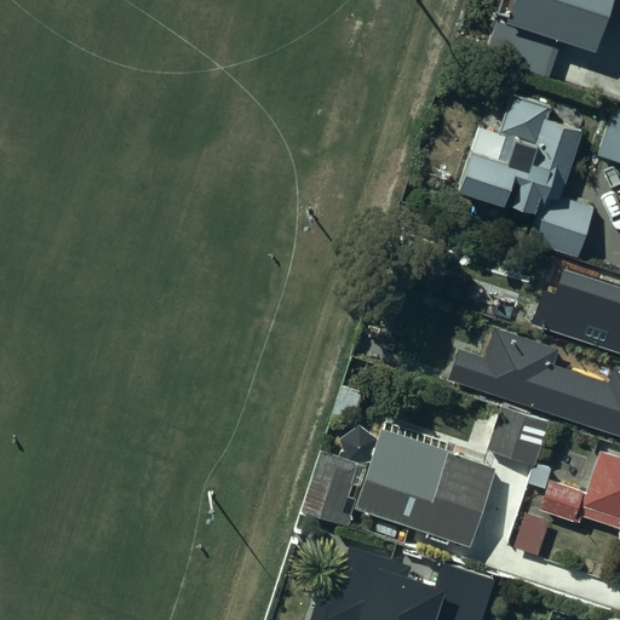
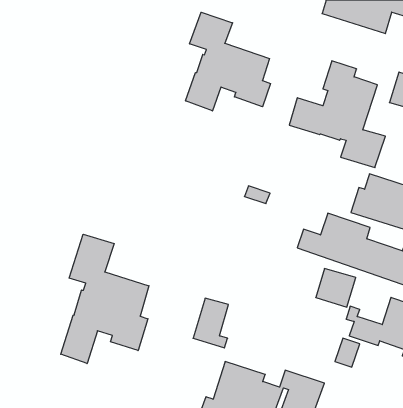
building: none -> [186,12,270,111]
building: none -> [61,234,149,364]
building: [363,436,501,551] -> none

